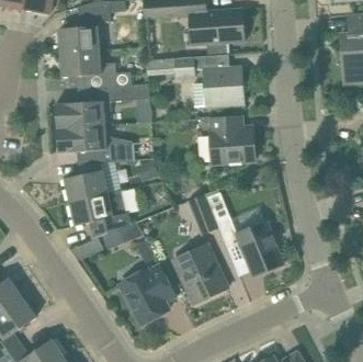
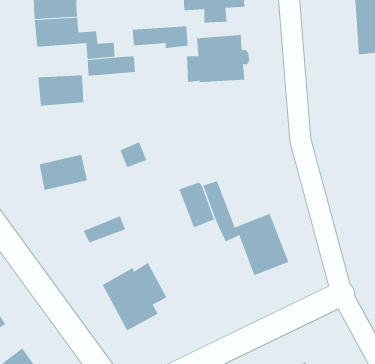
building: [209,115,256,163] -> none
building: [66,125,133,162] -> none
building: [69,190,131,238] -> none
building: [172,244,228,304] -> none

